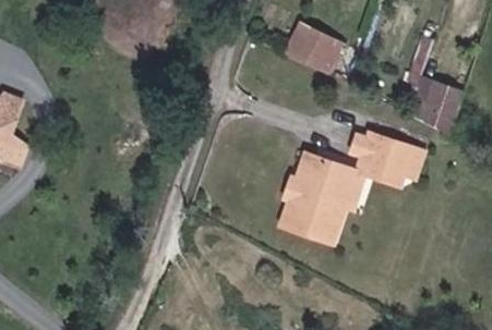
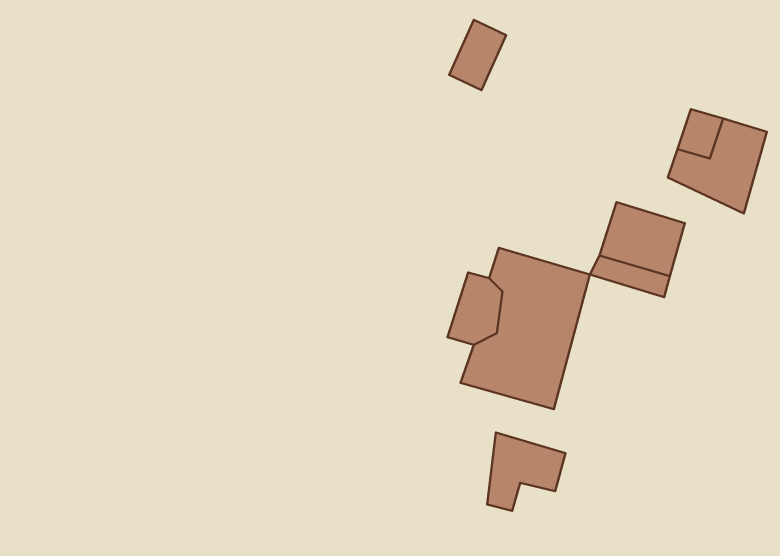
building: [301,27,341,71] -> none
building: none -> [487,432,566,511]

